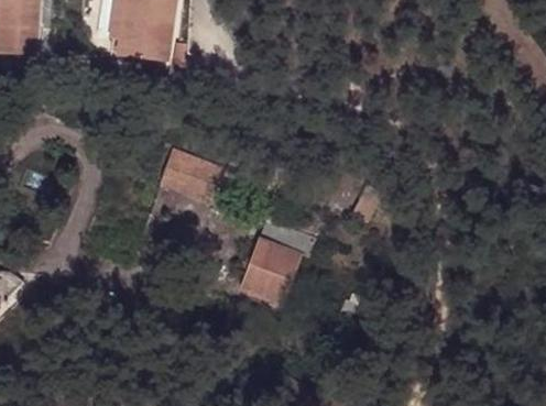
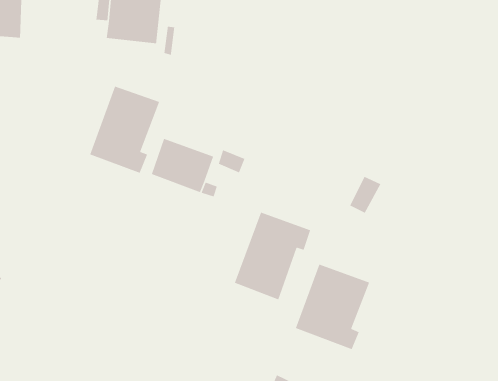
building: none -> [89,85,160,174]
building: none -> [295,264,370,350]

